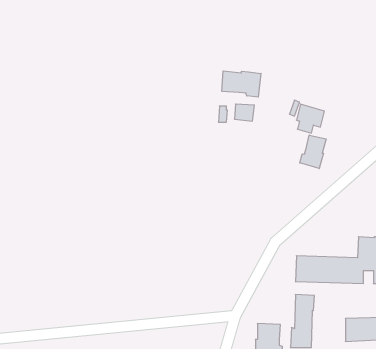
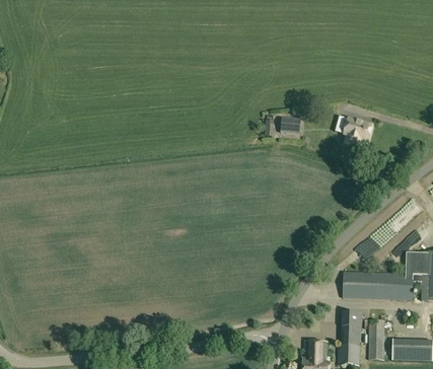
building: [222,71,261,97] -> none
building: [300,135,326,169] -> none
building: none -> [369,319,384,360]

